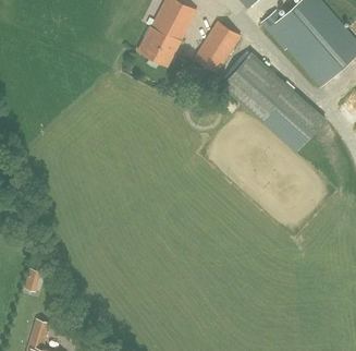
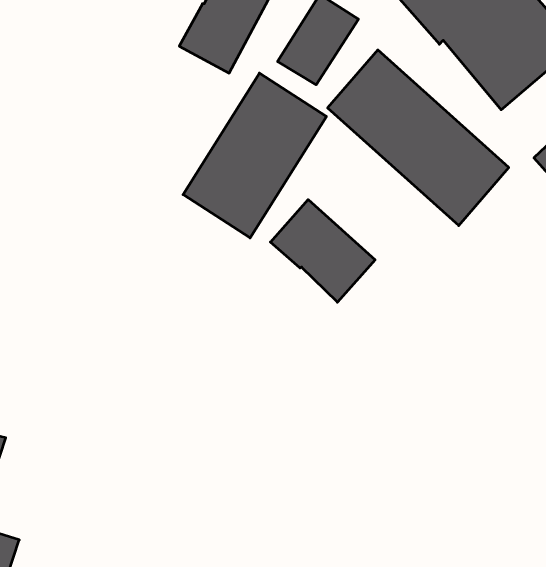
building: none -> [183,73,326,238]
building: none -> [270,200,375,302]

